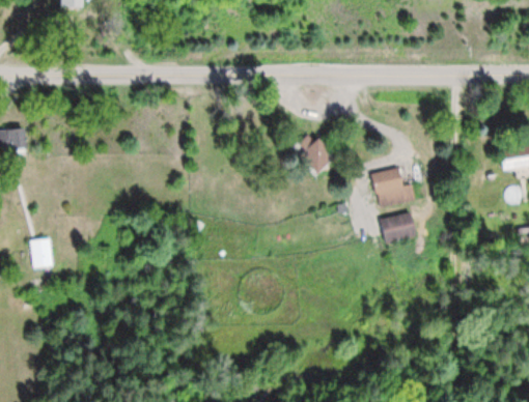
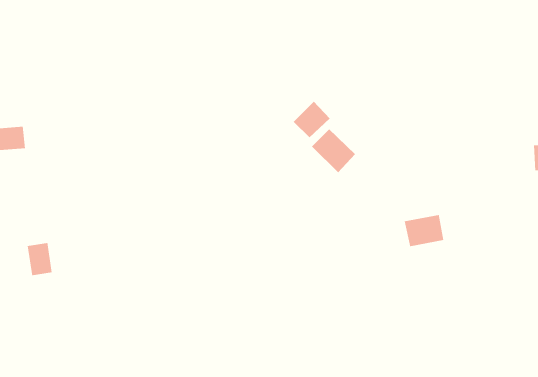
building: none -> [293,101,330,138]
building: [371,168,416,207] -> none

